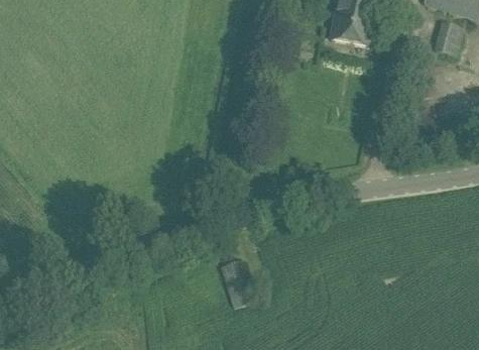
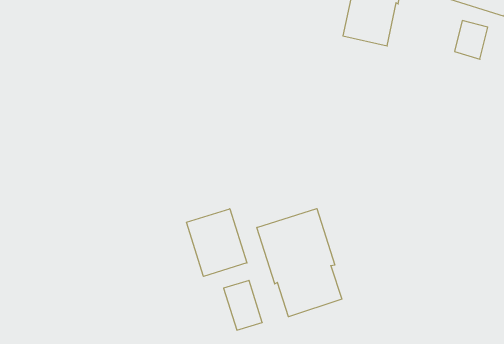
building: none -> [257,209,342,317]
building: none -> [186,209,247,276]

